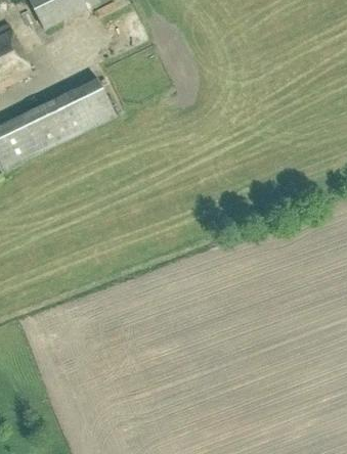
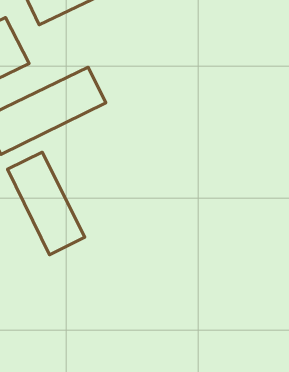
building: none -> [7,152,85,255]

